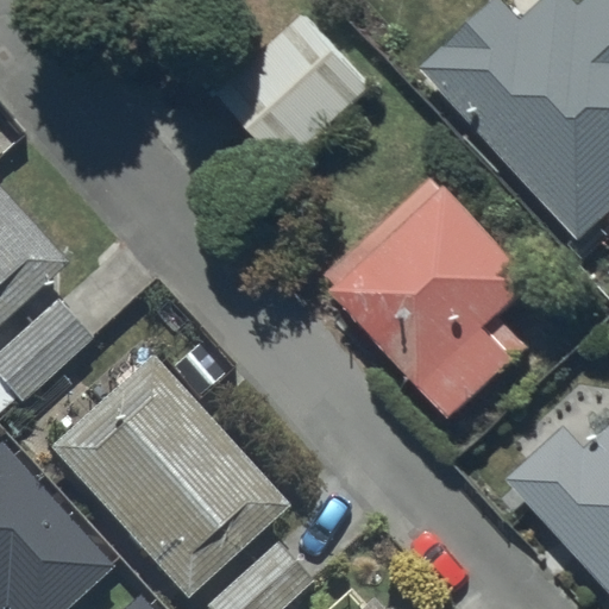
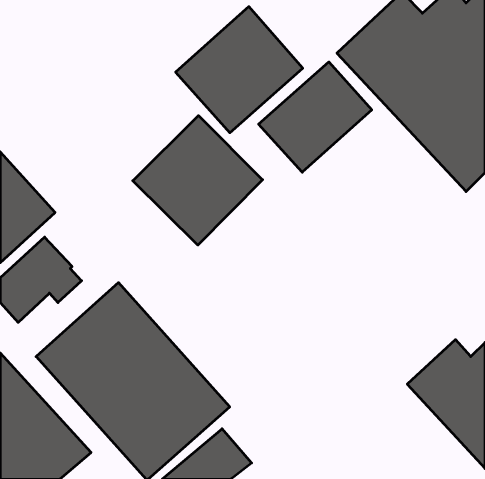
building: none -> [259,62,372,172]
building: none -> [133,116,263,245]
building: [324,174,544,422] -> none

